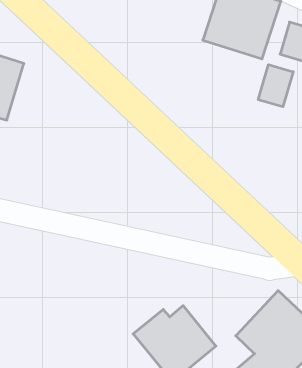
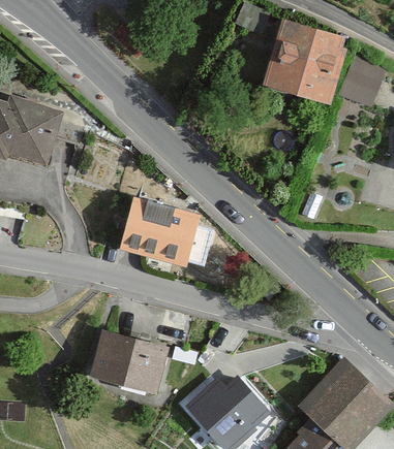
building: [258,65,293,107] -> none
building: none -> [122,194,202,264]
building: none -> [90,330,165,393]

